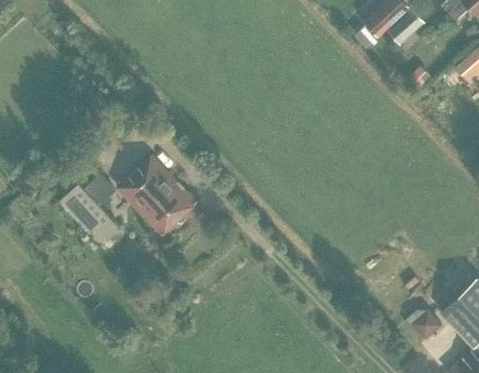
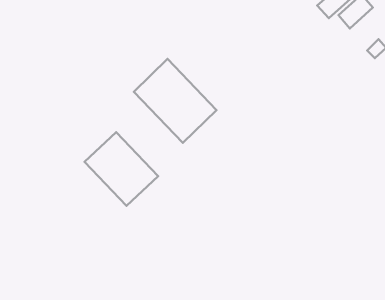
building: none -> [134,59,216,143]
building: [61,174,120,246] -> none

